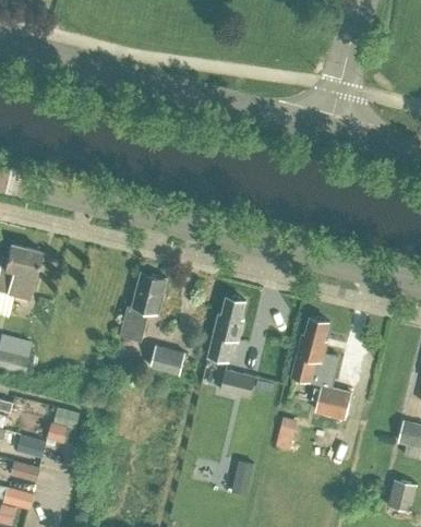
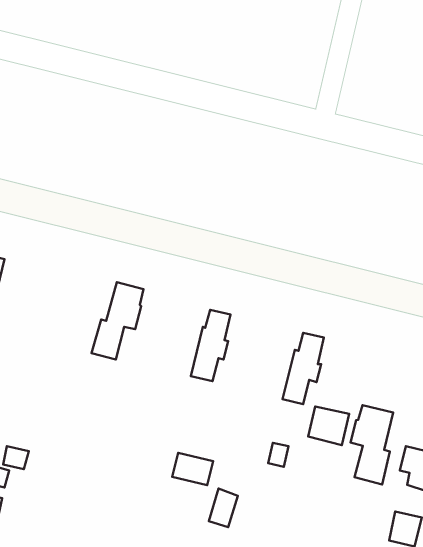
building: [149,344,184,375] -> none
building: [219,369,256,398] -> [172,453,213,485]
building: none -> [351,405,393,484]

